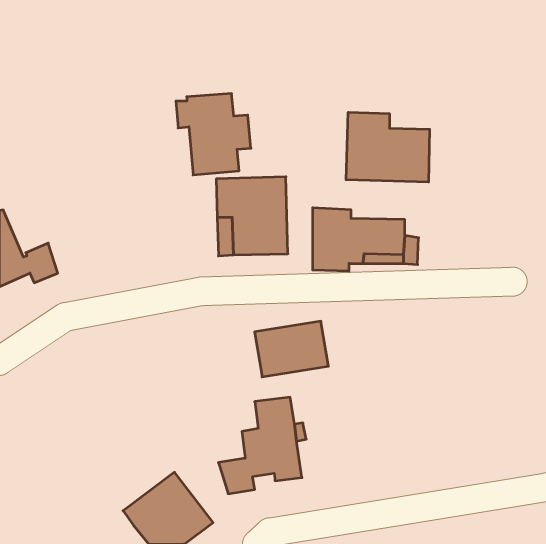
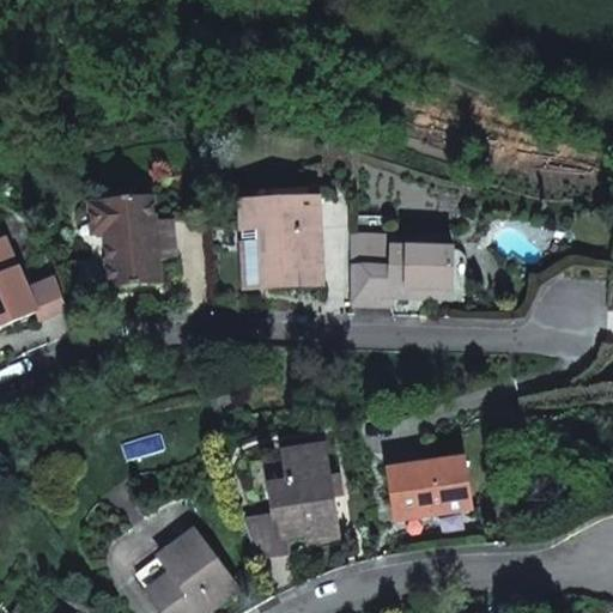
building: [176,94,251,175] -> [91,193,175,284]
building: [346,112,430,182] -> none
building: [255,321,328,377] -> [389,455,472,517]

